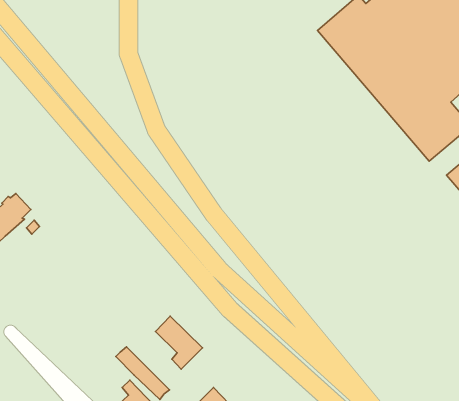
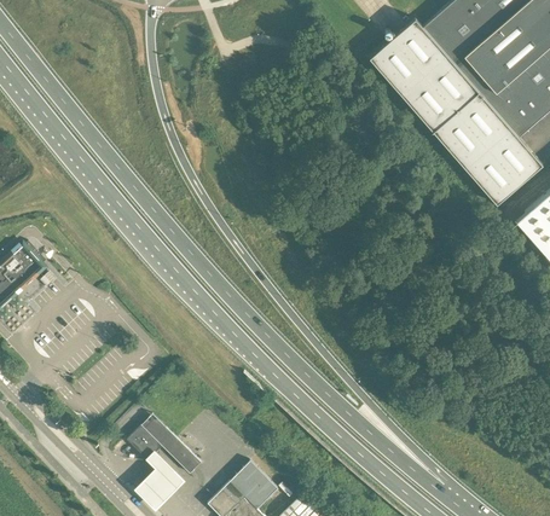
building: [155,316,203,369] -> none
building: none -> [127,424,162,459]

